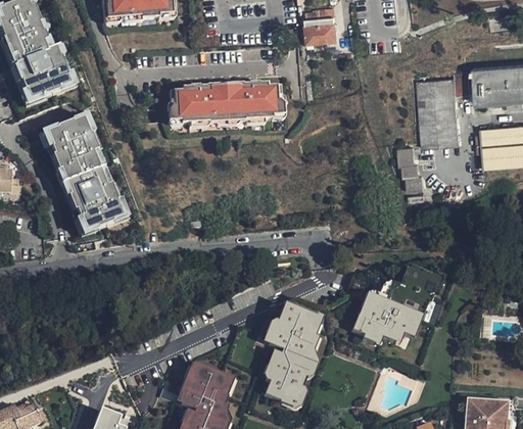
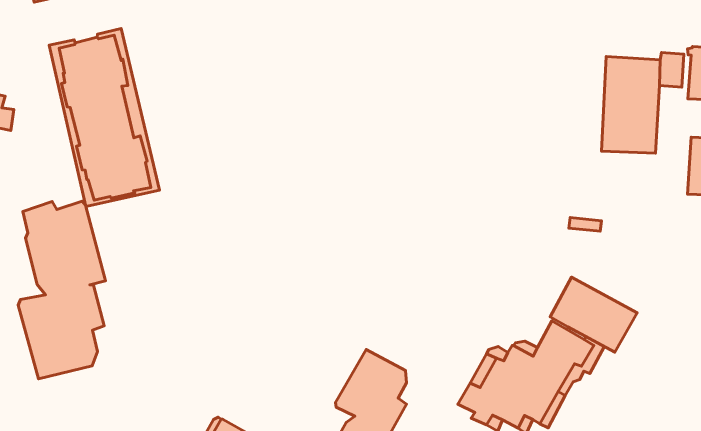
building: [170,83,285,123] -> none
building: [396,148,420,188] -> none
building: none -> [18,201,105,379]
building: none -> [550,277,637,352]

